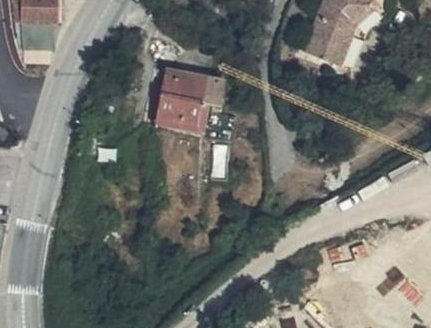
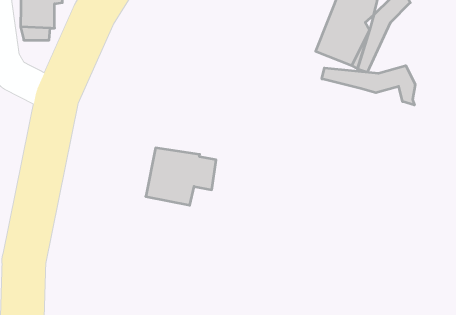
building: none -> [322,66,415,105]
building: [151,72,215,124] -> [146,148,216,205]

